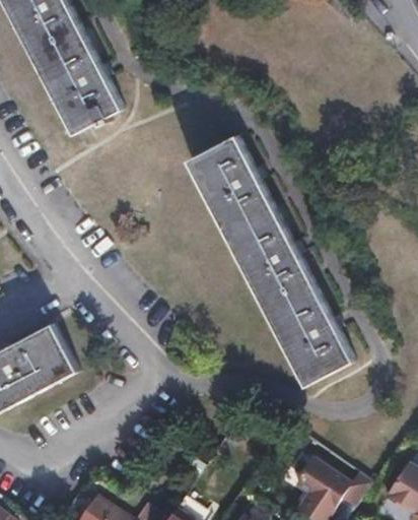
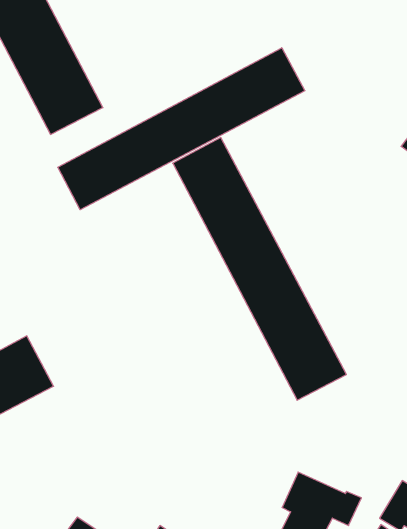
building: none -> [58,48,305,210]

